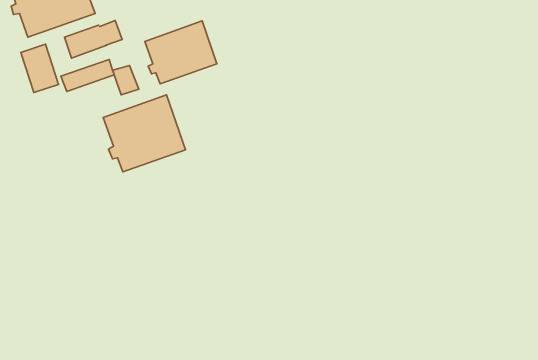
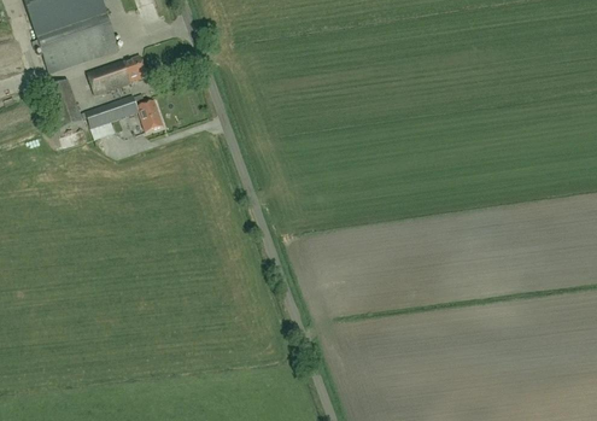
building: [145,21,217,84] -> none
building: [103,95,185,172] -> none

